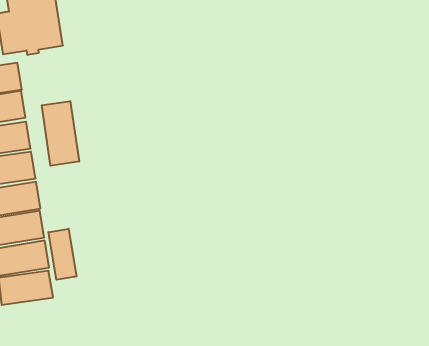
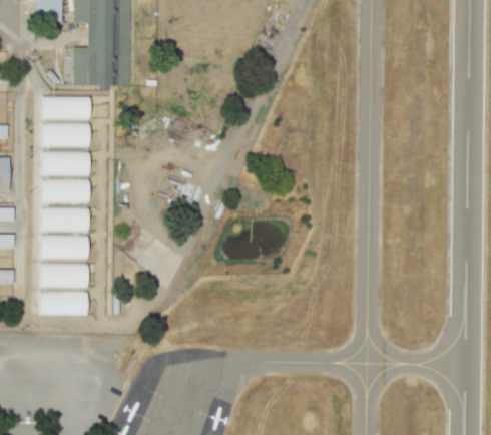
building: [42,101,79,166] -> none
building: [48,229,77,280] -> none

